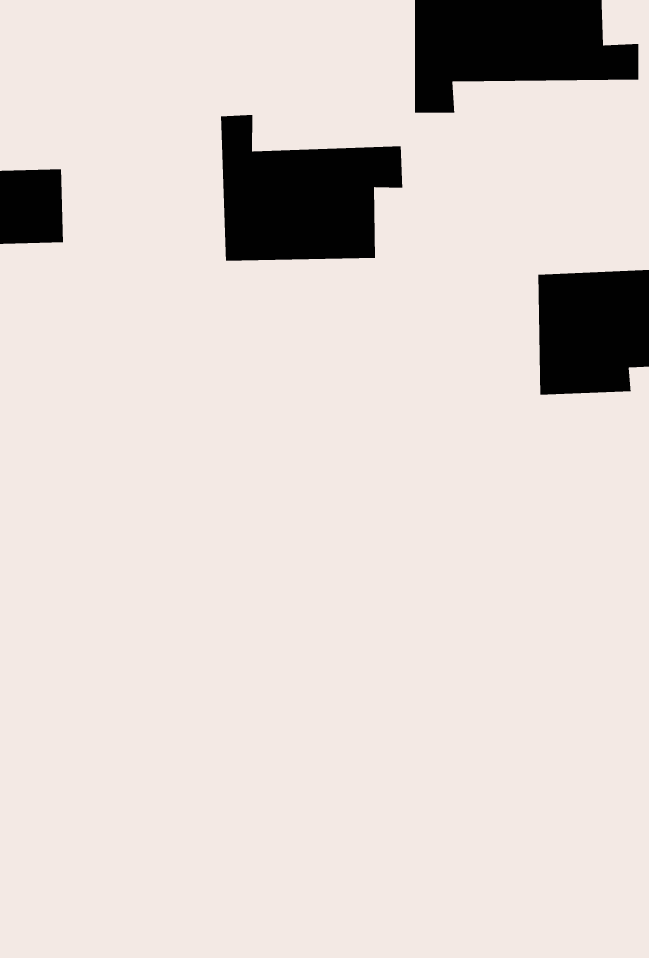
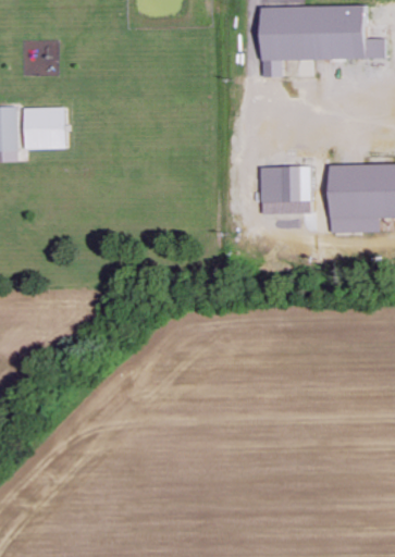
building: [220,114,403,262] -> none
building: none -> [262,166,313,202]

